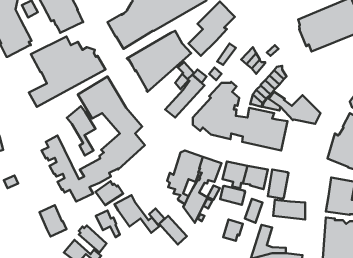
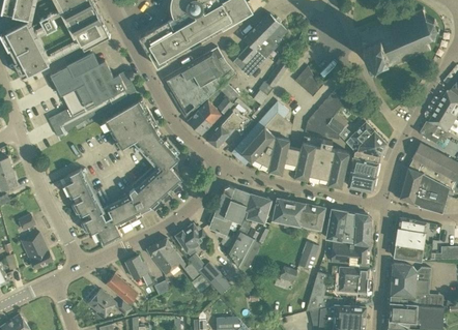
building: none -> [187,101,220,134]
building: [67,106,95,155] -> none
building: none -> [346,150,379,190]
building: none -> [343,212,370,245]
building: [95,181,123,205] -> [175,223,207,251]
building: [220,186,245,205] -> none
building: [40,205,66,236] -> [21,233,52,269]
building: none -> [337,268,368,298]

